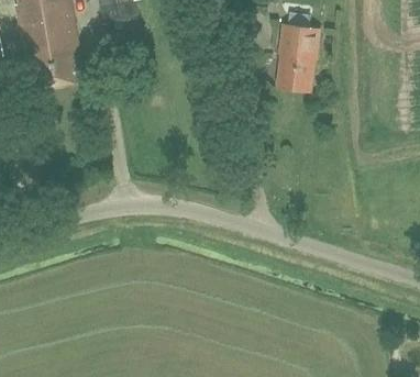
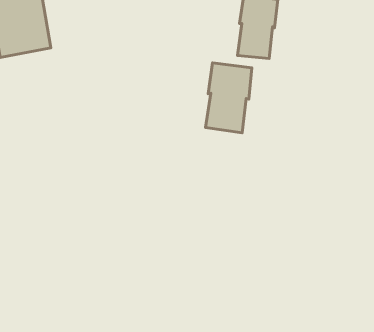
building: none -> [206,63,252,133]

